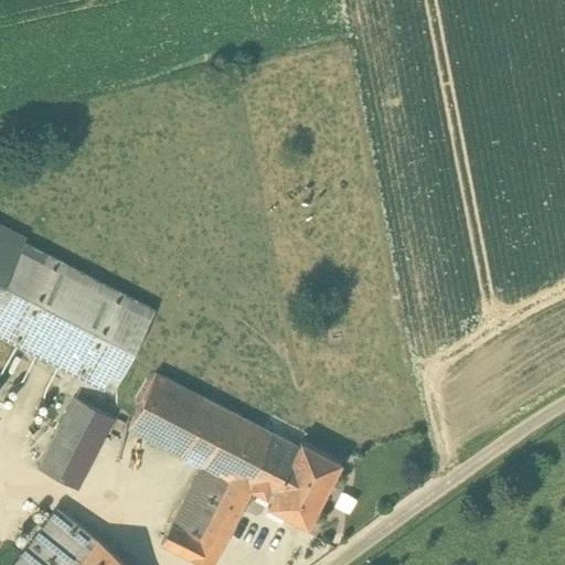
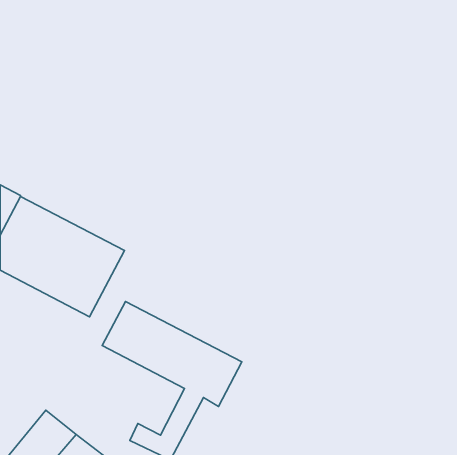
building: [39,399,116,490] -> none
building: [268,444,341,530] -> none
building: [171,468,228,540] -> none

